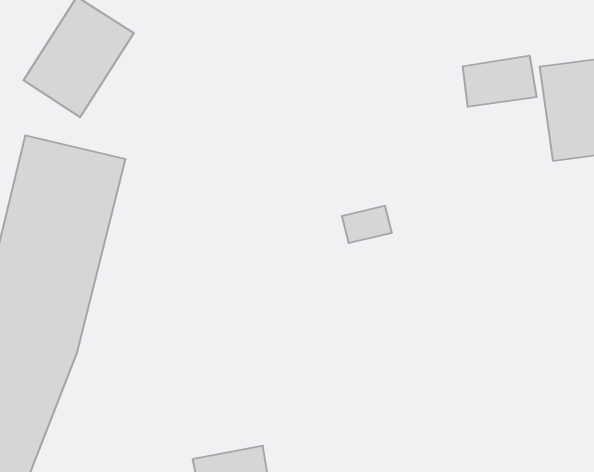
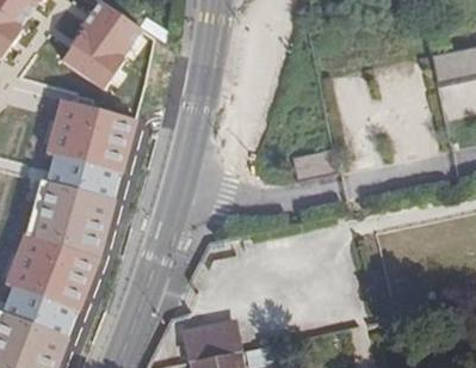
building: [463,55,537,107] -> none

